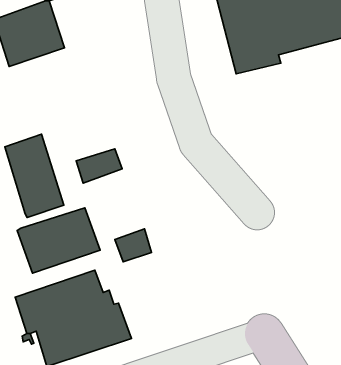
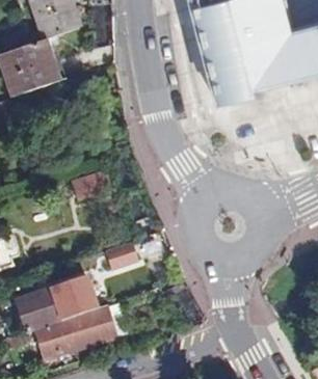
building: [5,134,64,218] -> none
building: [17,208,100,273] -> none

